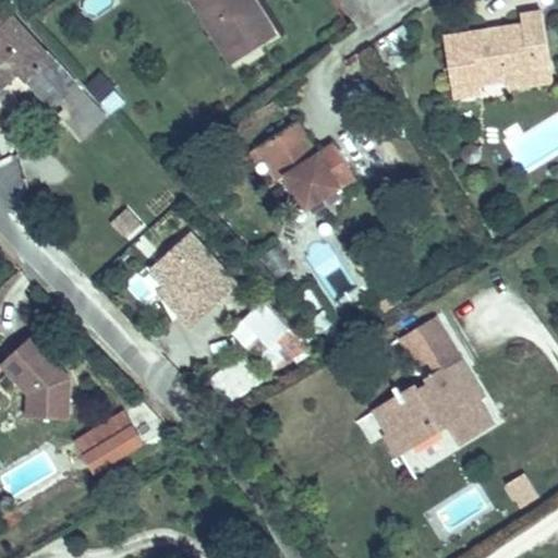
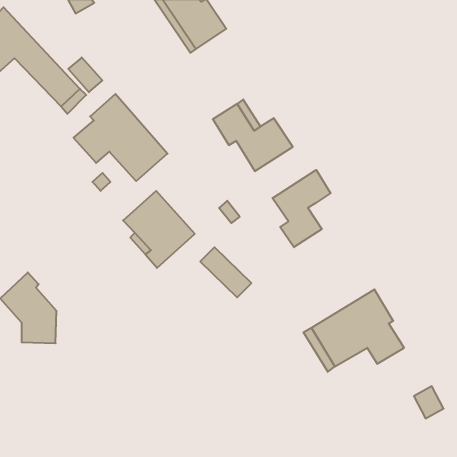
building: [444,12,549,96] -> none
building: none -> [74,94,168,181]
building: none -> [272,170,331,247]
building: [398,317,451,367] -> none
building: [77,413,142,472] -> none

